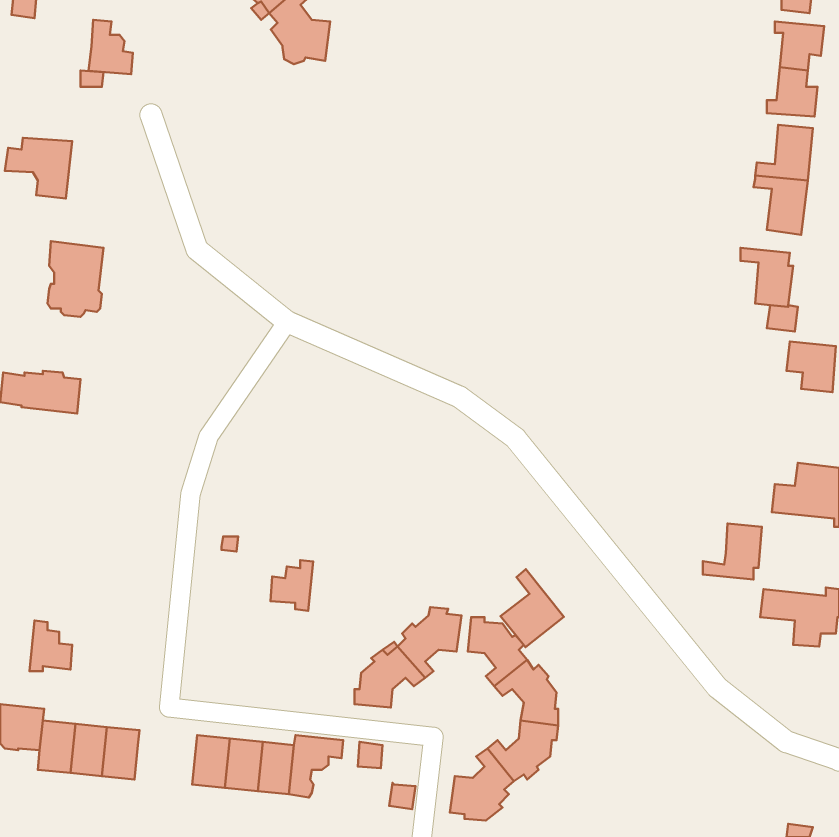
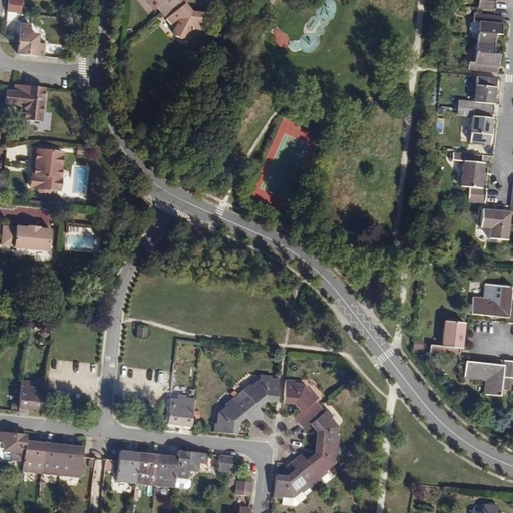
building: [88,20,133,74] -> [17,21,44,54]
building: [271,560,313,611] -> [170,397,196,428]
building: [501,569,564,647] -> none

